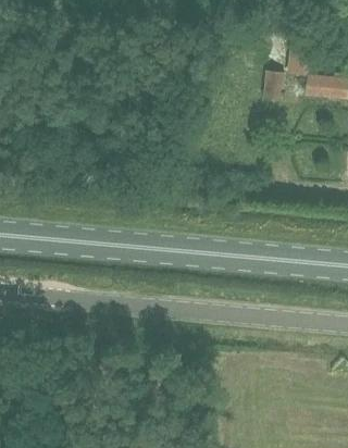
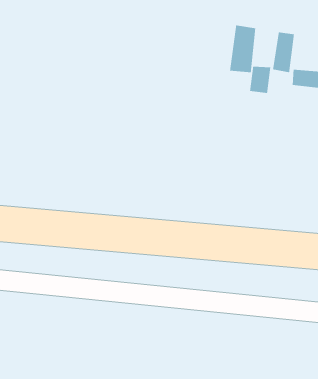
building: none -> [229,25,256,73]

